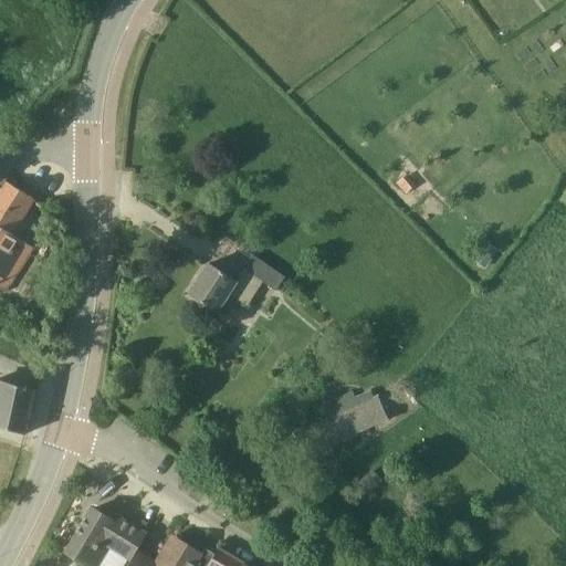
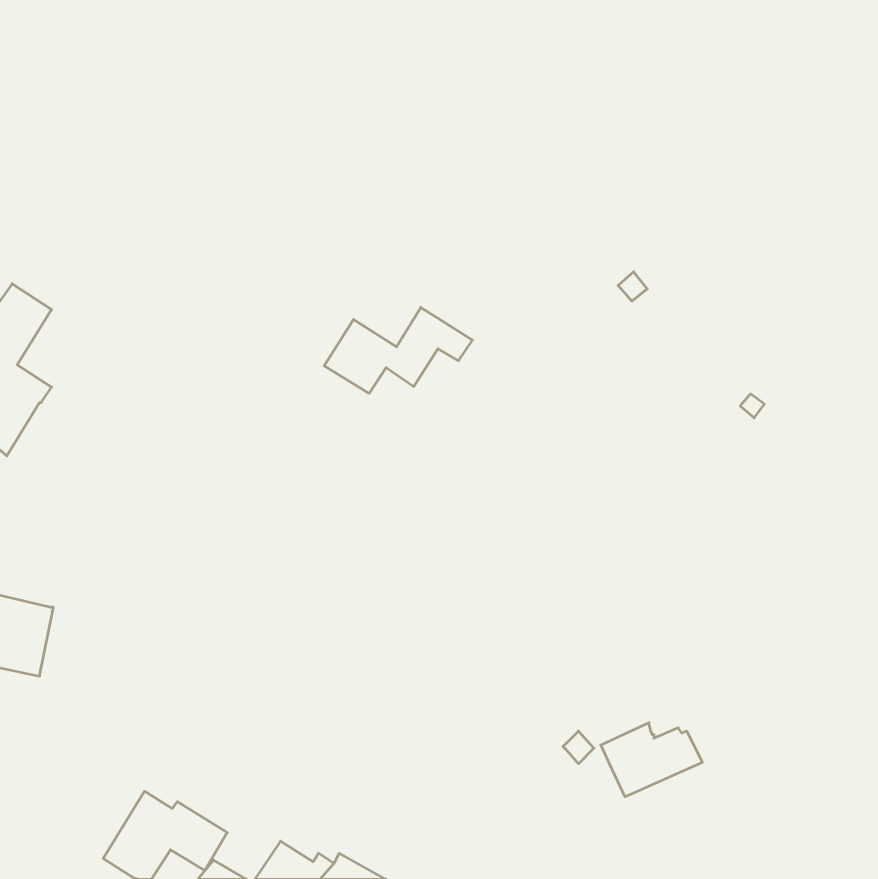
building: [189,256,284,312] -> [324,307,472,393]
building: [322,392,387,440] -> [601,723,702,797]

